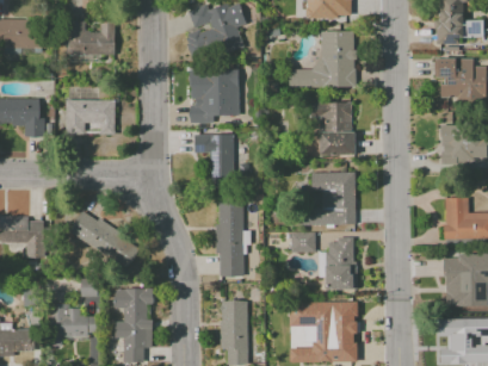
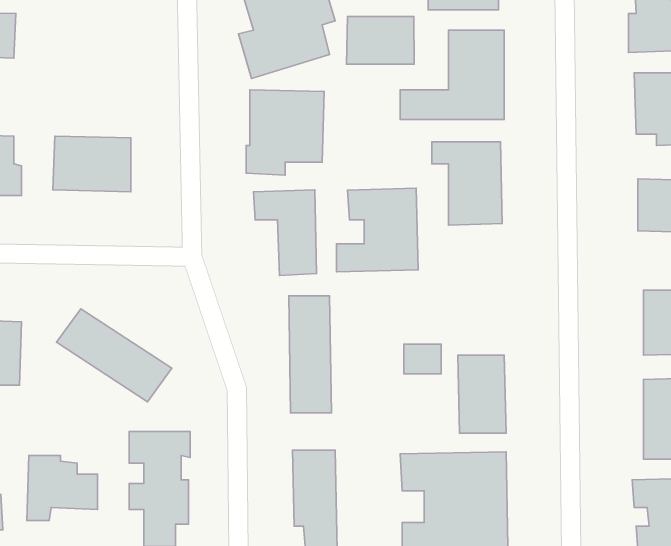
building: [66,21,116,58] -> none
building: none -> [346,16,414,64]
building: [304,172,357,225] -> [336,188,418,272]

